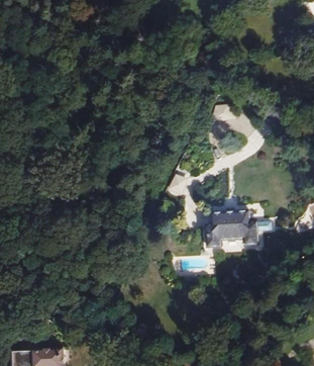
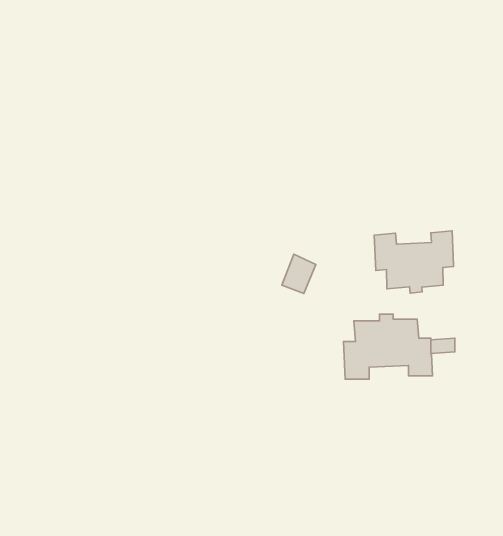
building: none -> [374,231,454,293]

